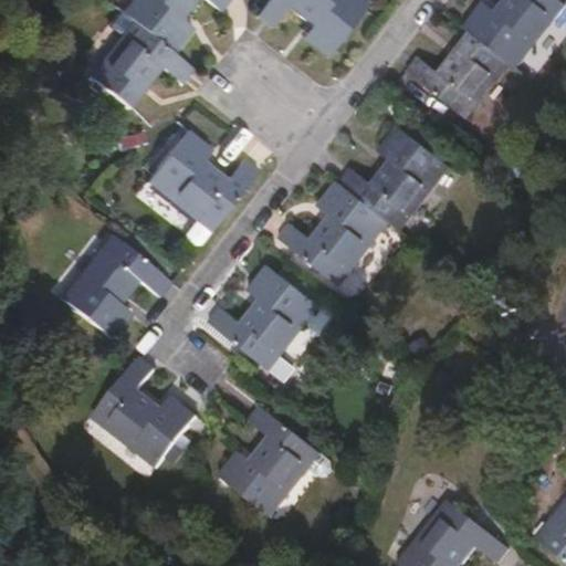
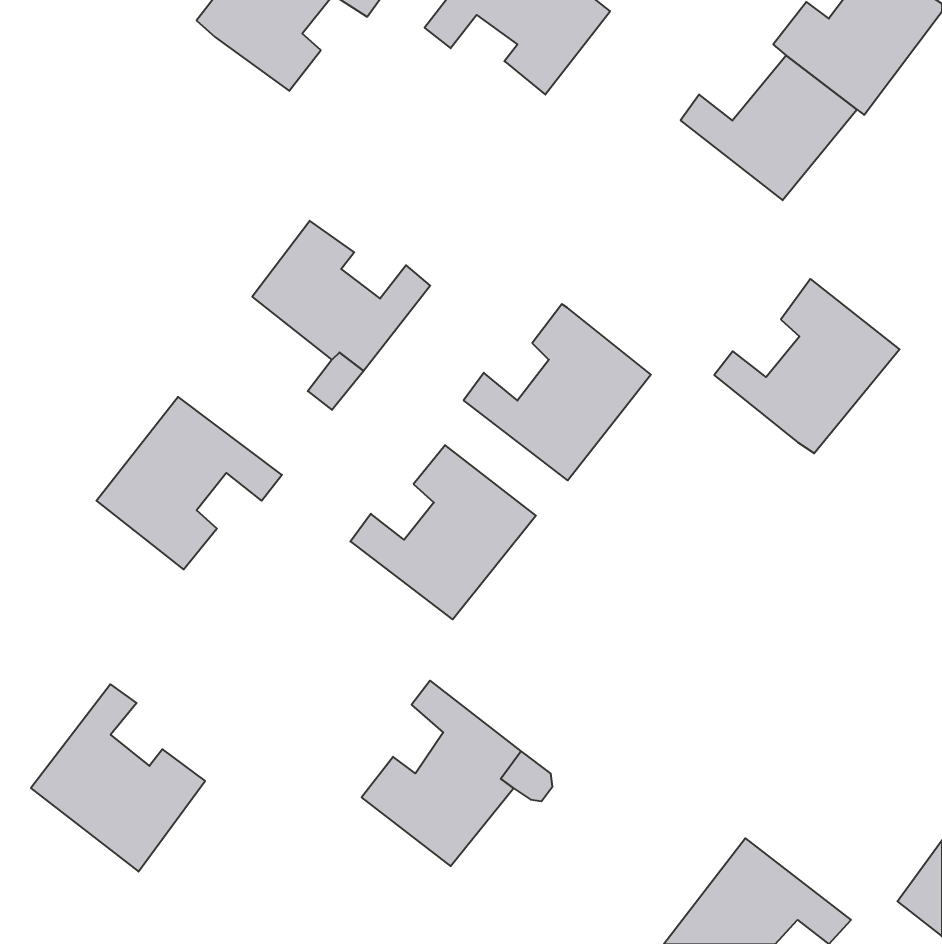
building: [87,22,191,108] -> none
building: [338,126,449,230] -> [714,279,900,453]
building: [91,357,195,469] -> [31,684,205,872]

